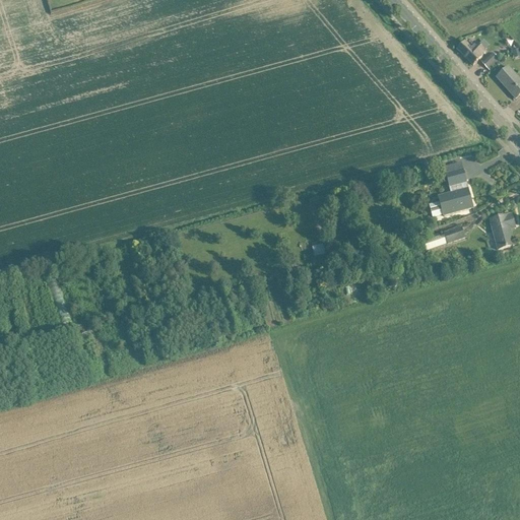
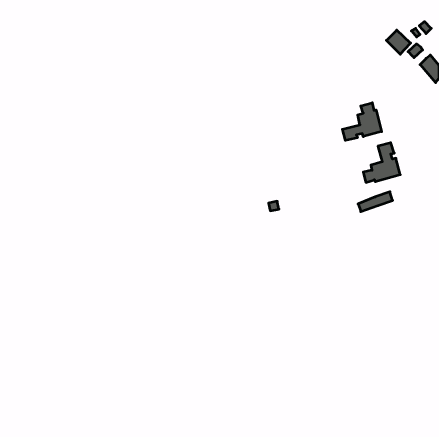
building: none -> [342,103,382,140]
building: [489,213,514,249] -> none

